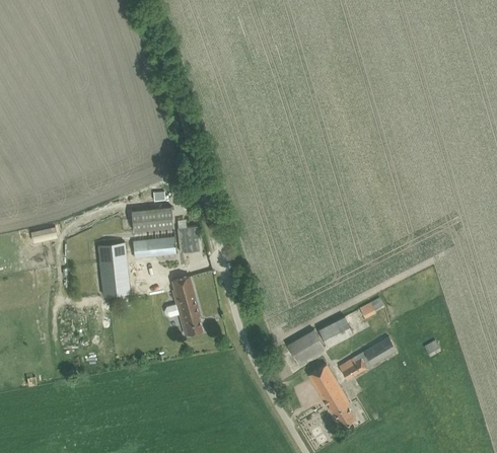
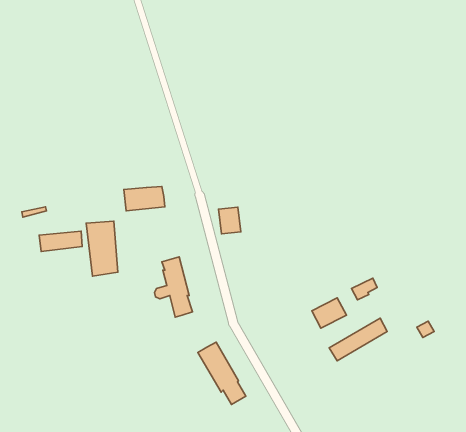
building: [176,227,199,253] -> [218,207,241,234]
building: [132,238,174,258] -> [39,231,82,252]
building: [289,330,326,364] -> none
building: [307,365,355,427] -> [198,342,246,404]

